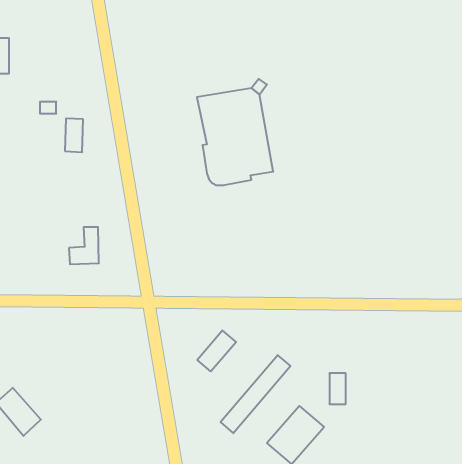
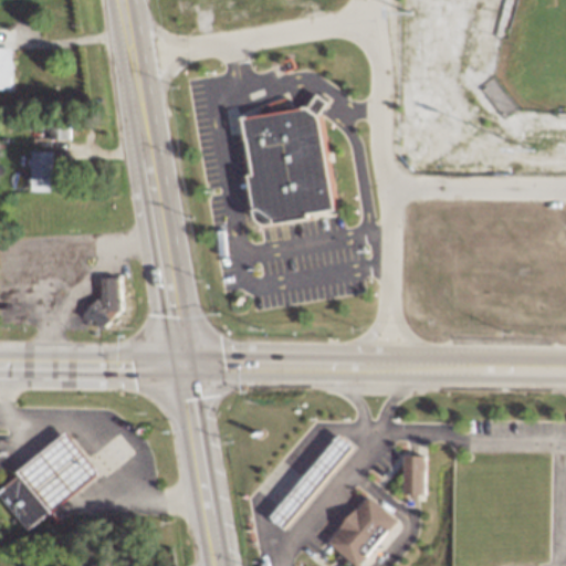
building: [65,118,83,152] -> [29,149,51,190]
building: [197,330,236,371] -> none
building: none -> [15,431,98,511]

